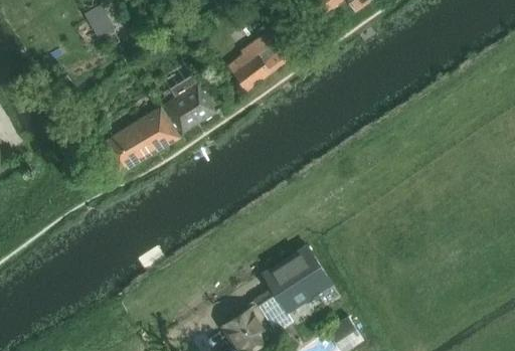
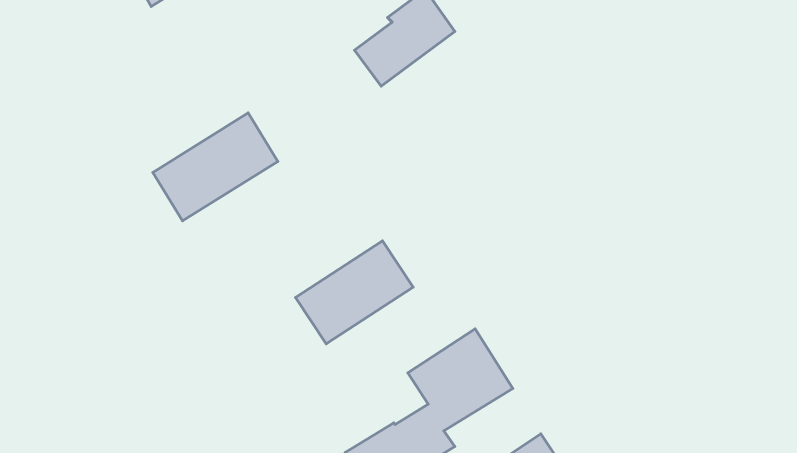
building: [163,75,214,134] -> none
building: none -> [296,241,413,344]

